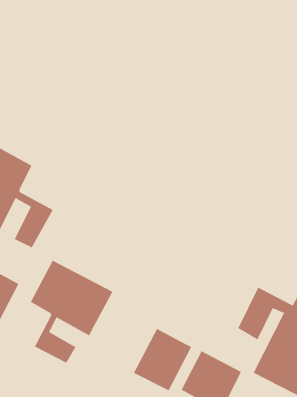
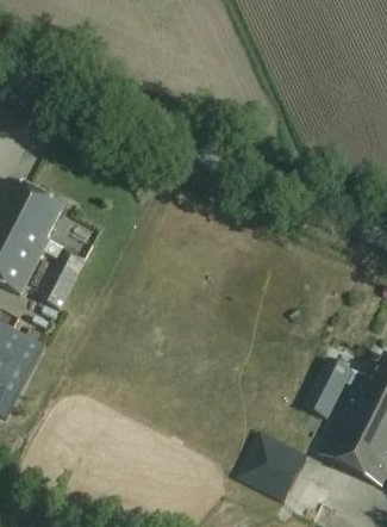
building: [30,260,113,364] -> none
building: [133,328,192,391] -> none

